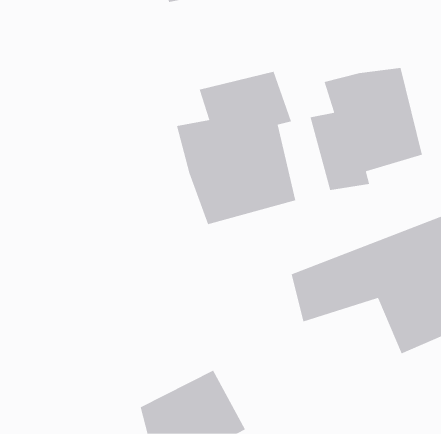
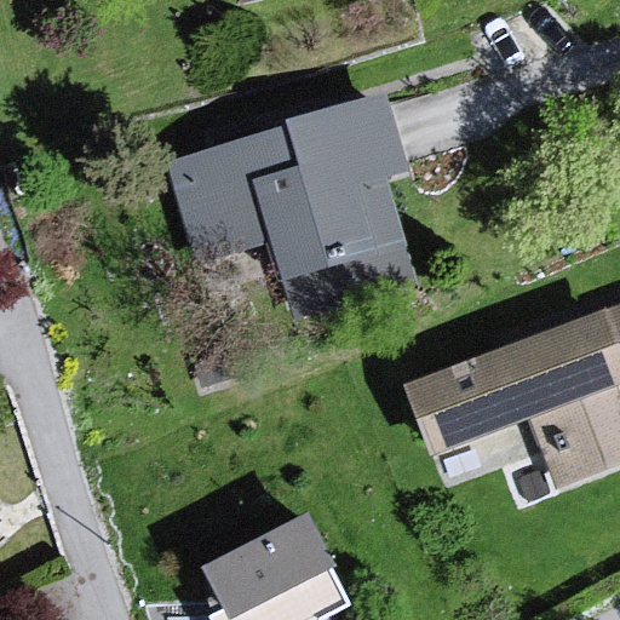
building: [310,67,423,191] -> none
building: none -> [162,125,294,260]

